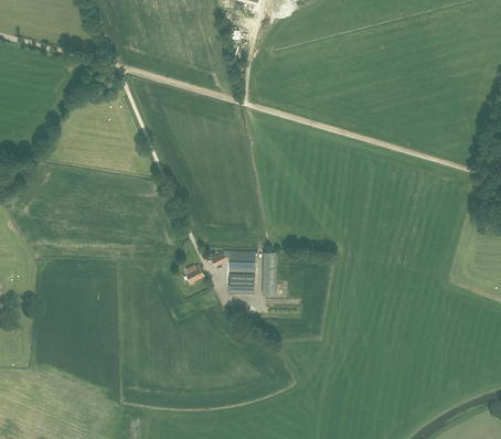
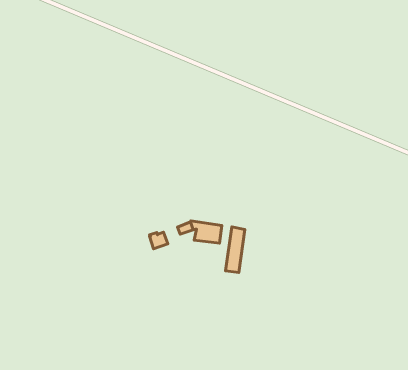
building: [228,274,253,293] -> none

